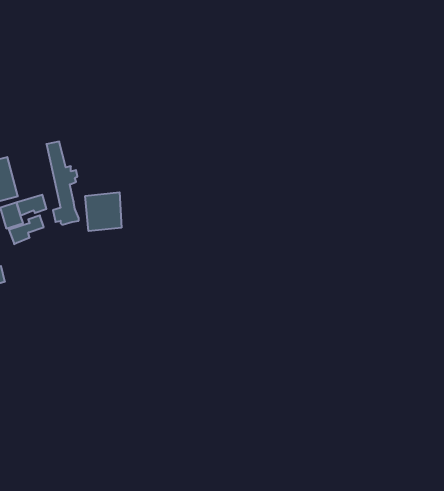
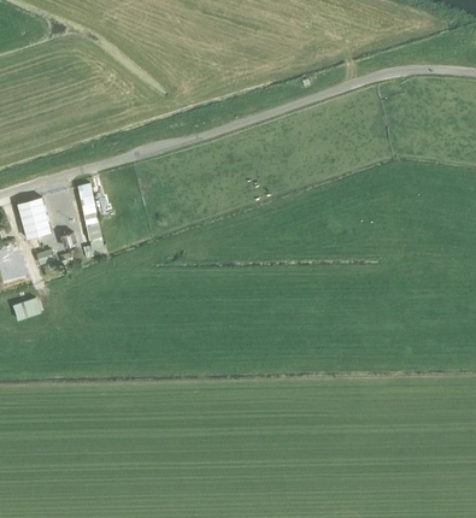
building: [85,192,121,231] -> none

